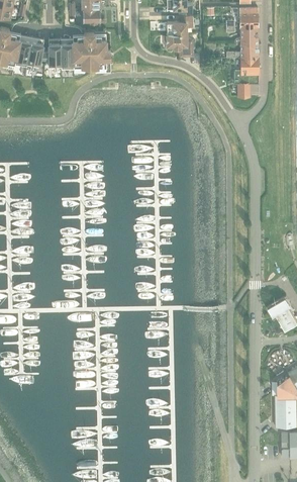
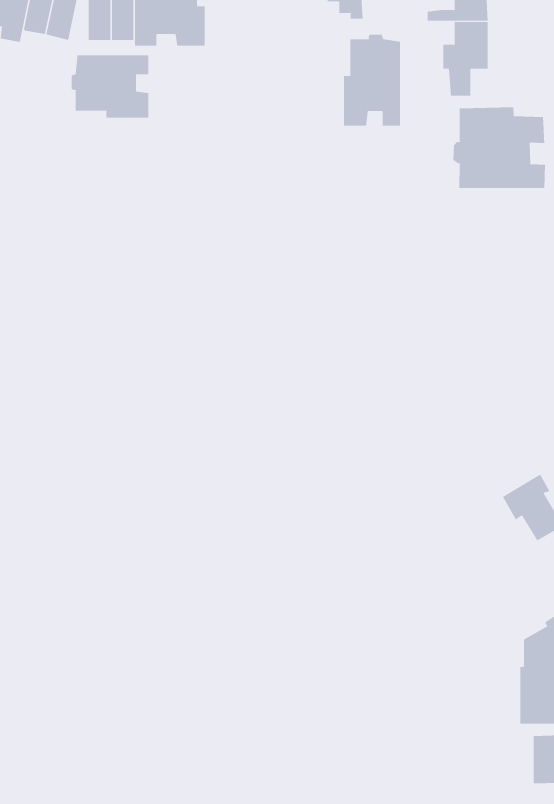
building: none -> [344,34,400,126]
building: none -> [71,55,149,118]
building: none -> [453,107,545,189]

